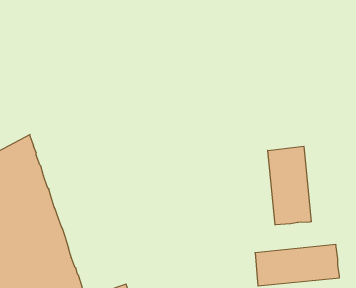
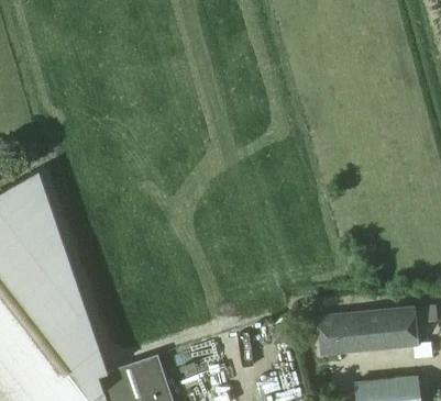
building: [268,146,311,225] -> none

